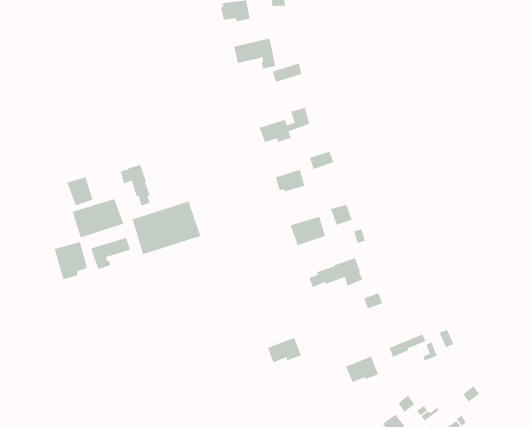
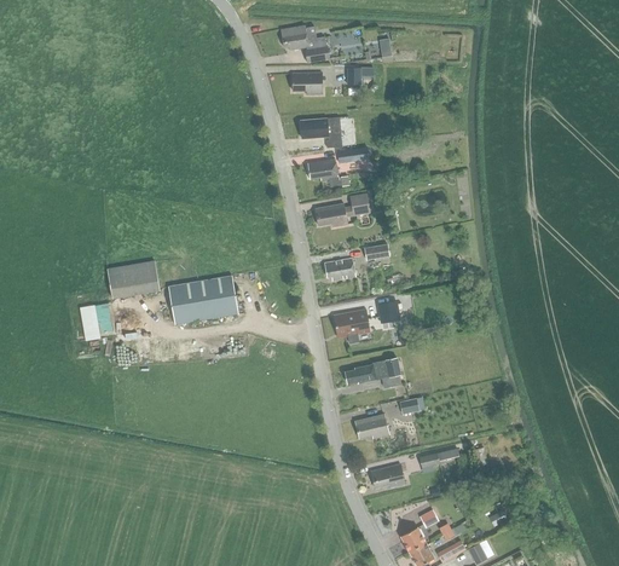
building: none -> [307,158,341,186]
building: [120,164,151,206] -> none
building: [67,176,93,206] -> none
building: [91,237,131,270] -> none
building: [267,337,302,363] -> [354,414,389,438]

